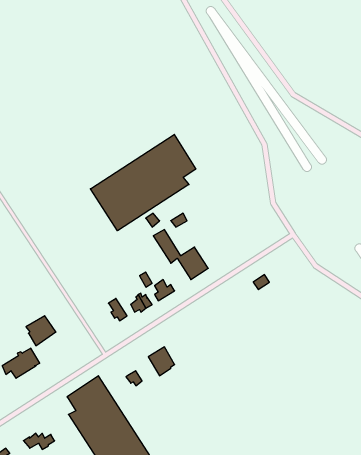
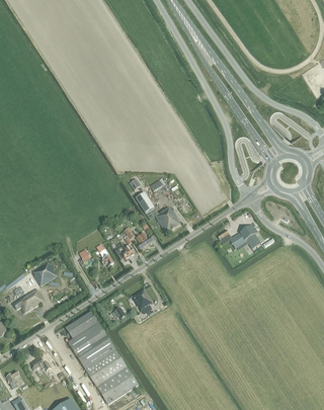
building: [90,134,196,231] -> none
building: none -> [229,225,260,248]

